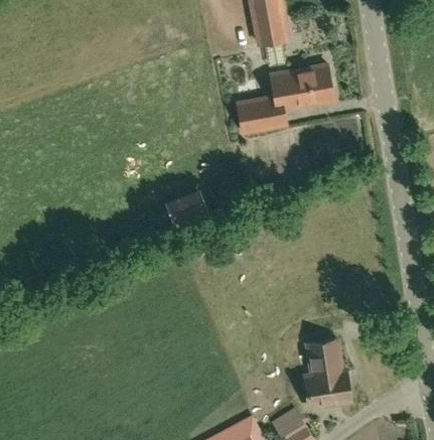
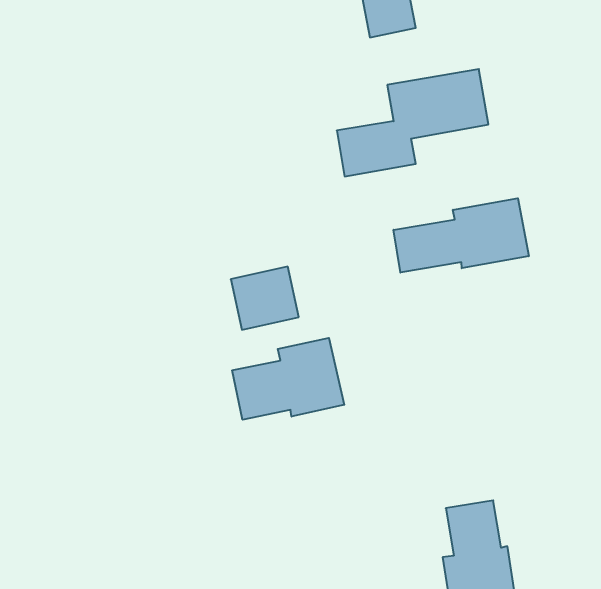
building: none -> [394,198,529,273]
building: none -> [232,338,344,420]

